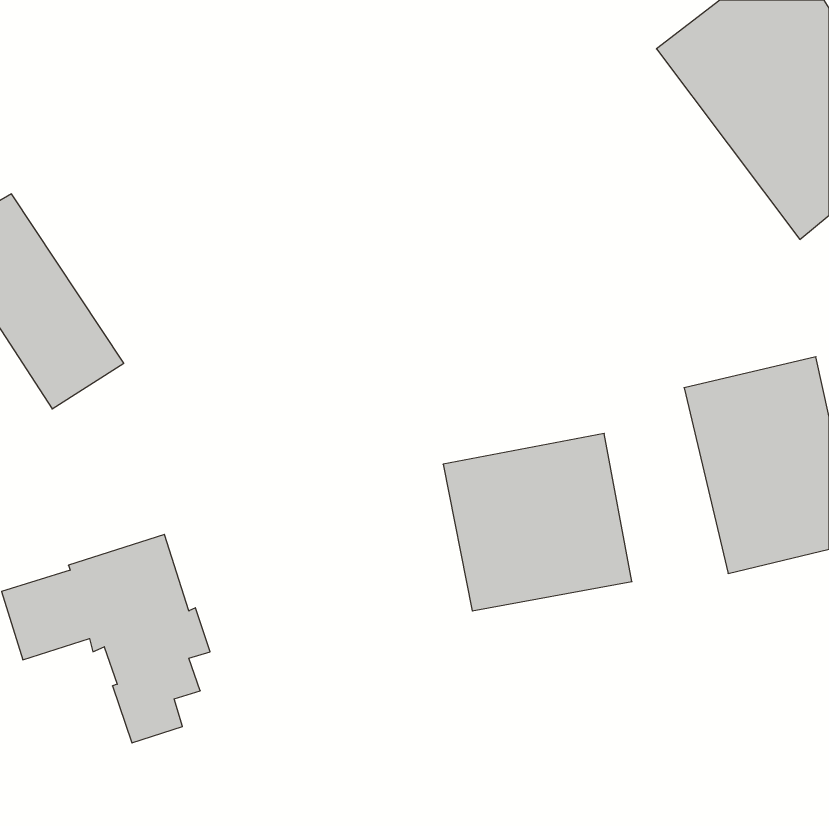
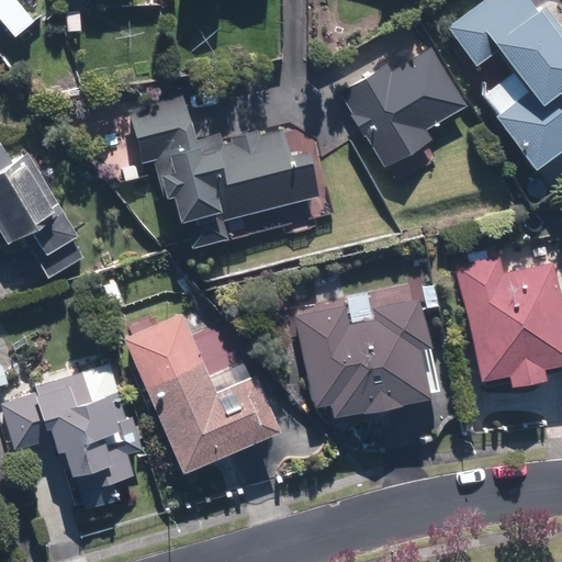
building: none -> [341,54,458,162]
building: none -> [130,102,322,239]
building: none -> [128,313,276,467]

